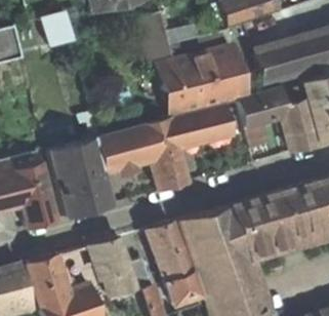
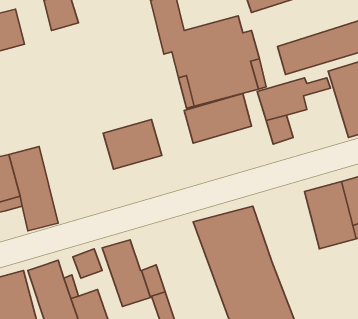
building: [279,98,317,153] -> none
building: [140,119,188,192] -> none
building: [50,140,114,218] -> none
building: [233,193,293,256] -> none
building: [149,222,201,305] -> none

